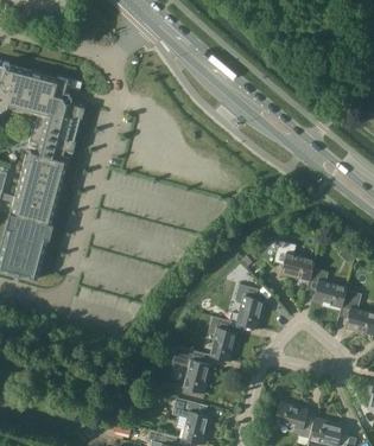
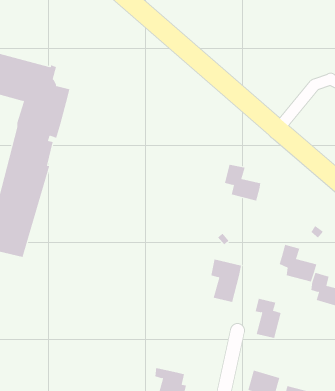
building: [274,241,313,280] -> [224,164,261,201]
building: [209,318,237,361] -> [255,298,282,339]
building: [173,348,210,393] -> none

